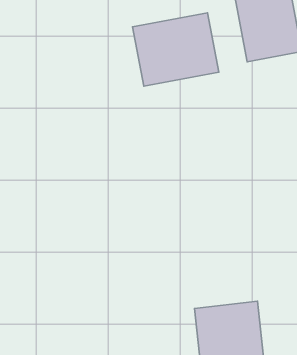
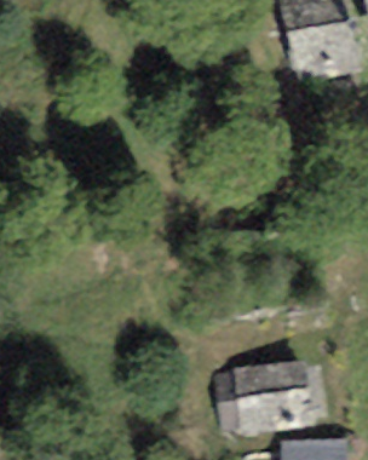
building: [133,13,219,86] -> none

